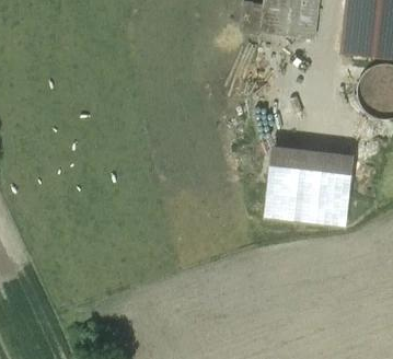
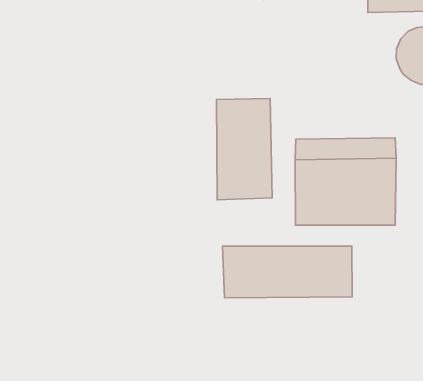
building: none -> [217,99,272,200]
building: none -> [223,246,352,298]

